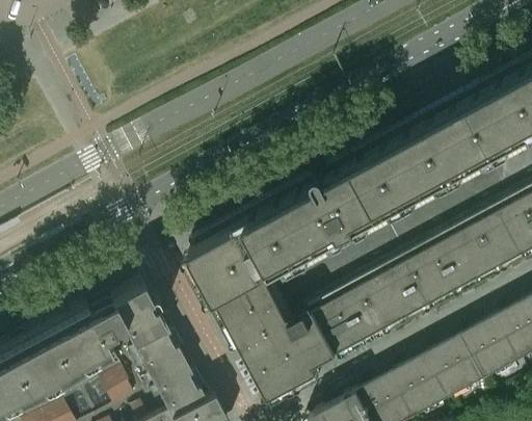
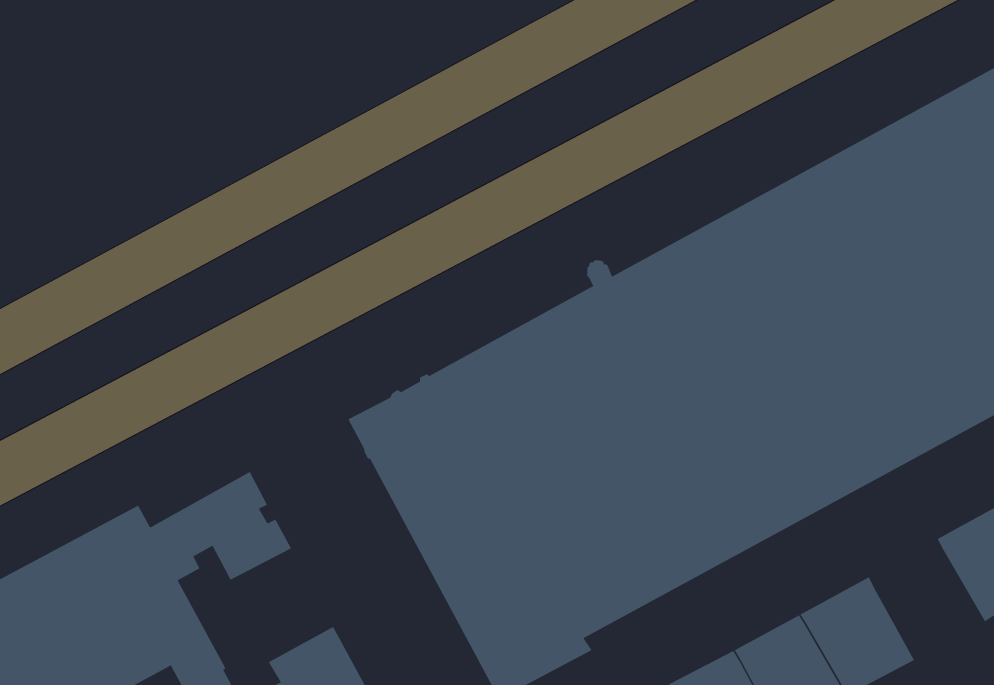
building: [461,315,522,378] -> none
building: [126,320,182,379] -> none

